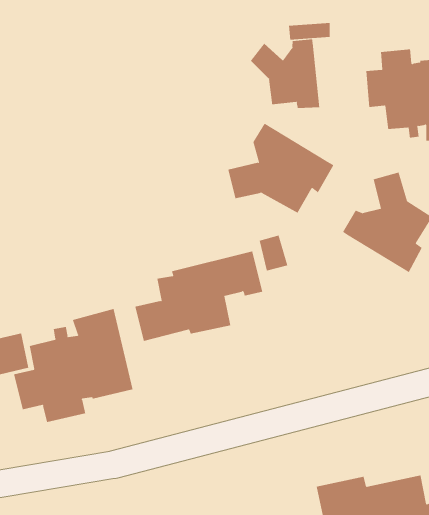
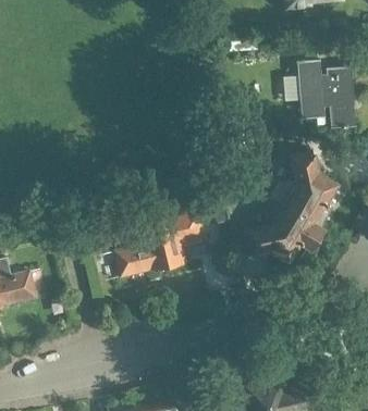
building: [250,39,320,109] -> none
building: [228,123,334,214] -> [246,199,326,266]
building: [13,308,133,423] -> none

